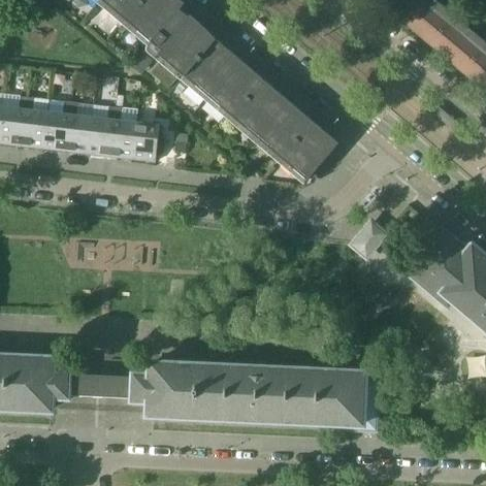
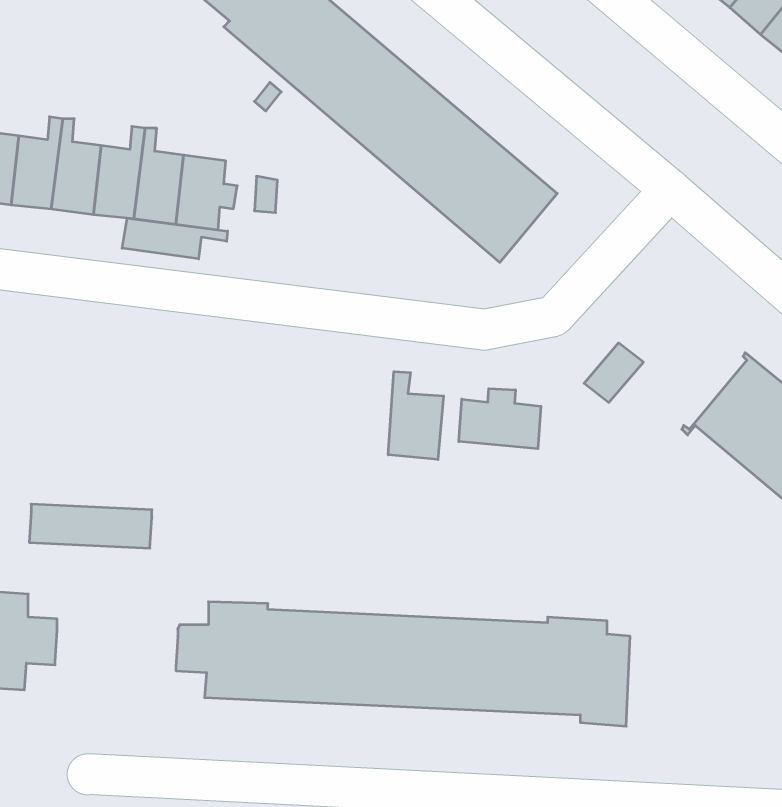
building: none -> [122,218,228,259]
building: none -> [388,372,444,460]
building: none -> [459,389,541,449]
building: [67,374,133,397] -> [29,504,152,548]

